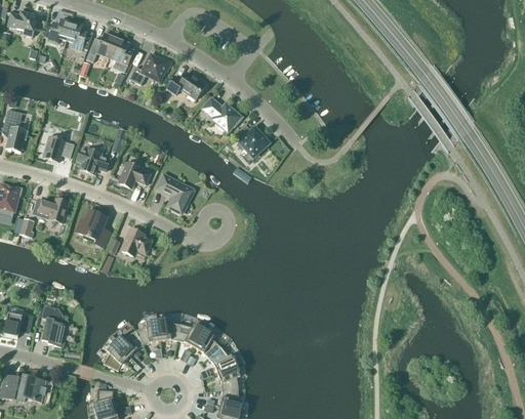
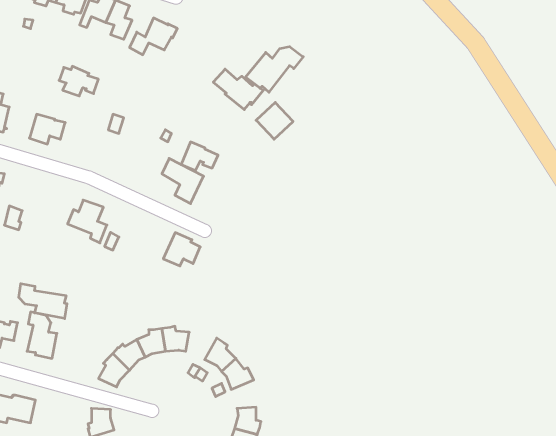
building: [166,71,205,98] -> none
building: none -> [246,47,303,92]
building: [76,146,110,172] -> [59,66,98,96]
building: [119,161,151,185] -> [181,142,218,171]
building: [33,198,70,221] -> none
building: [120,226,152,255] -> [163,233,200,266]
building: none -> [19,284,67,319]
building: [177,323,204,346] -> none
building: [216,364,240,388] -> none

